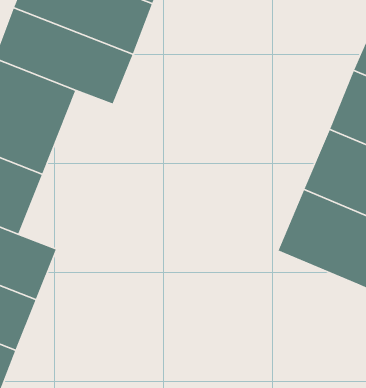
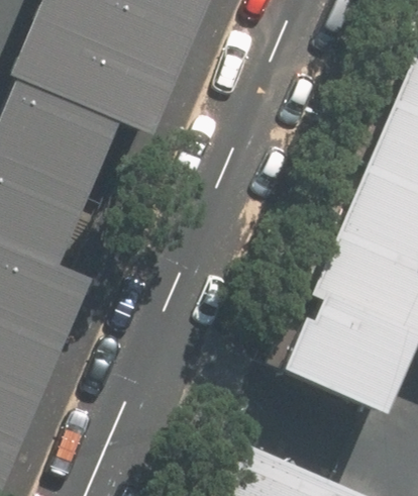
building: none -> [282,303,401,413]

